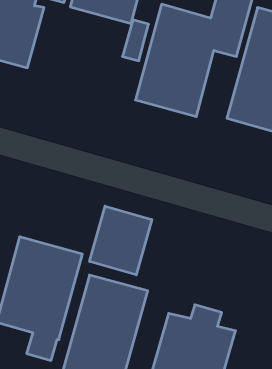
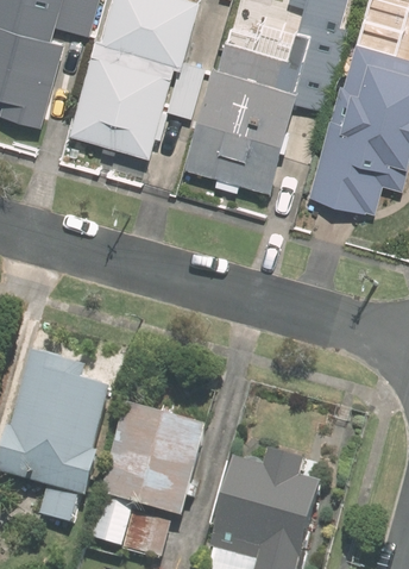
building: none -> [67,55,170,156]
building: [90,206,152,275] -> none

